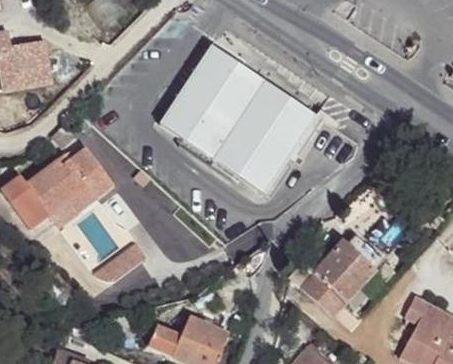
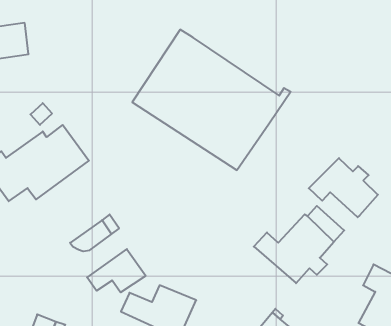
building: none -> [309,158,378,217]
building: none -> [87,249,146,292]

